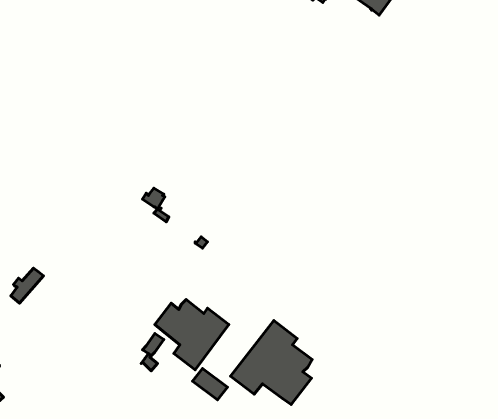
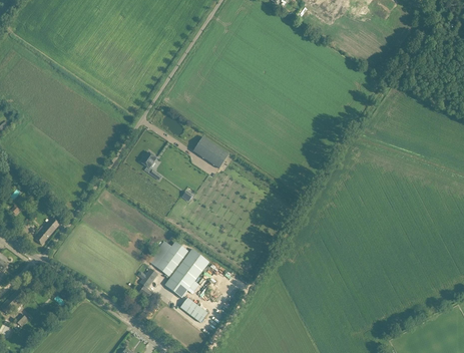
building: none -> [193,136,228,168]
building: [231,321,312,405] -> none

